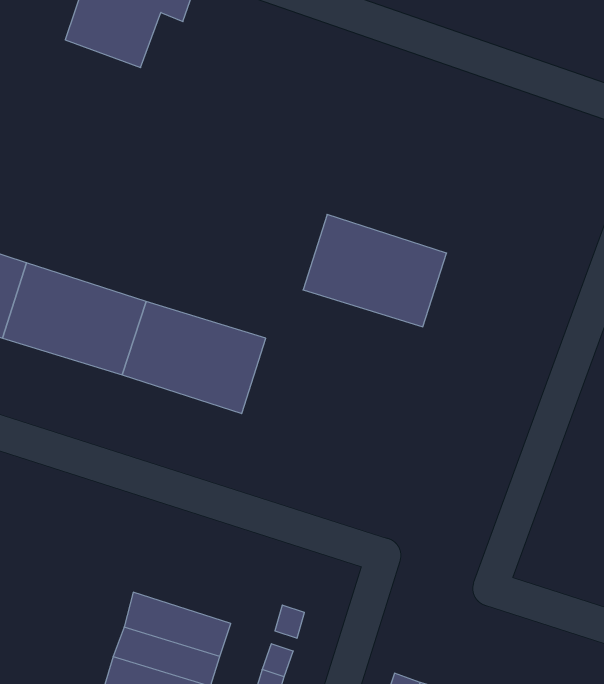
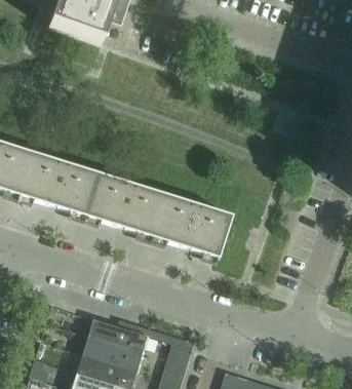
building: [303,214,447,327] -> [149,193,229,256]
building: none -> [88,317,148,352]

